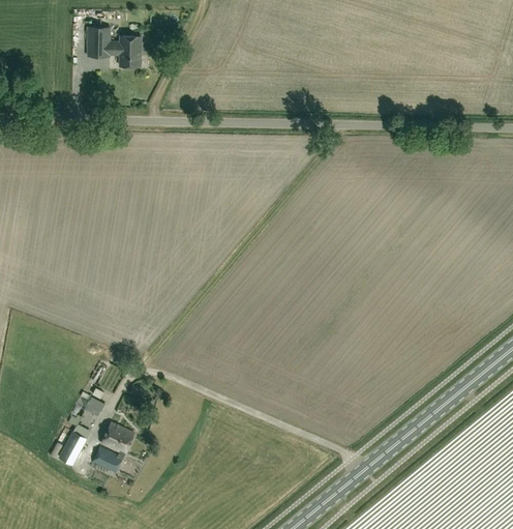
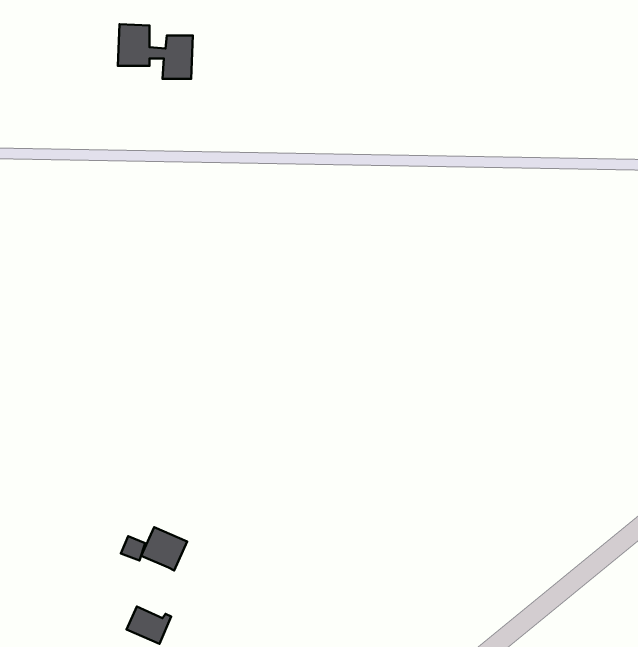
building: [100,422,133,453] -> [141,527,187,570]
building: [58,431,86,465] -> none

